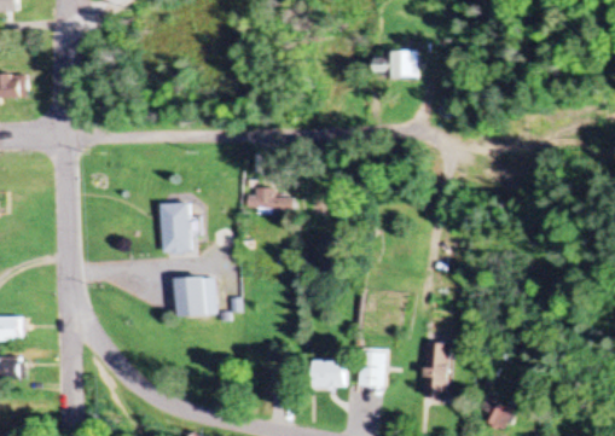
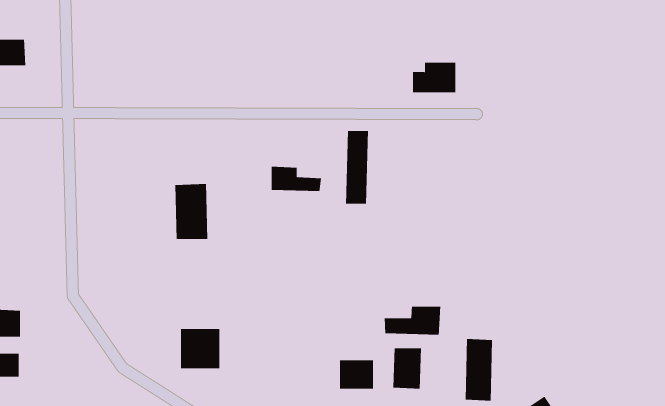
building: [377,50,417,77] -> [412,62,456,93]
building: none -> [346,130,368,204]
building: [178,278,214,314] -> [180,329,220,369]
building: none -> [384,306,441,336]

